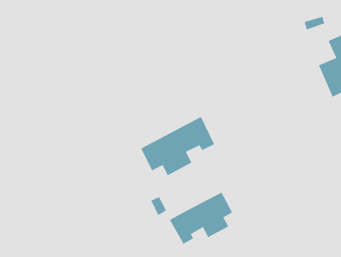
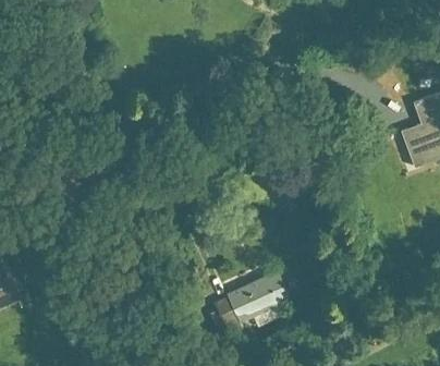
building: [140,116,215,176] -> none

